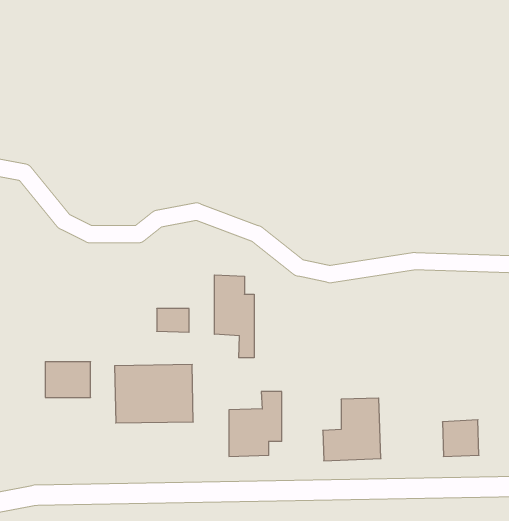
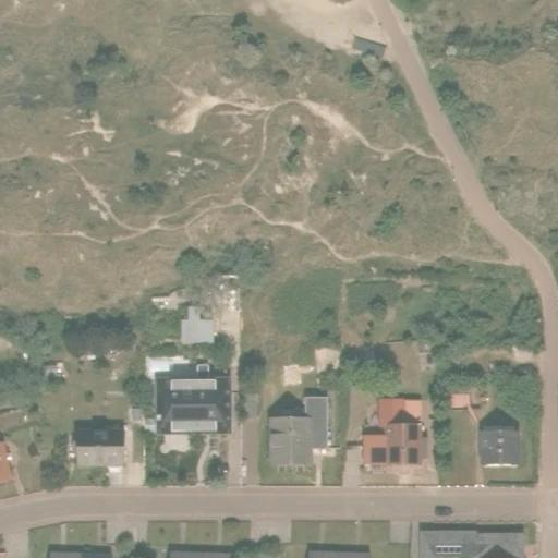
building: [214,275,254,358] -> none
building: [45,362,91,397] -> [82,426,128,462]

